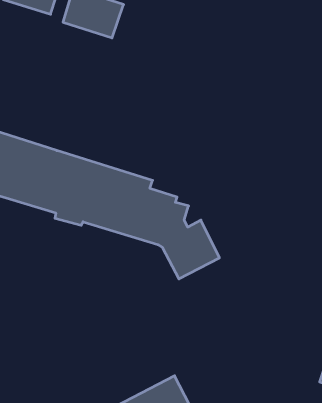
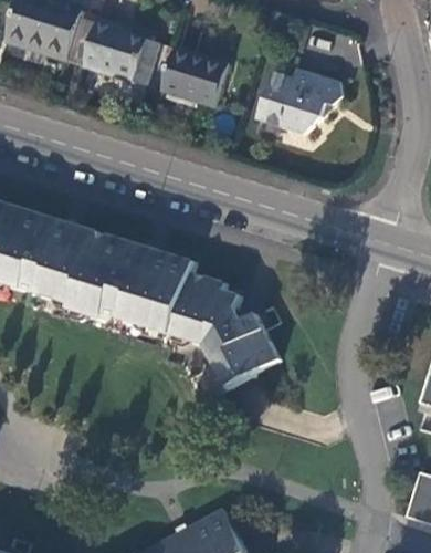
building: none -> [161,45,229,106]
building: none -> [256,67,343,133]

